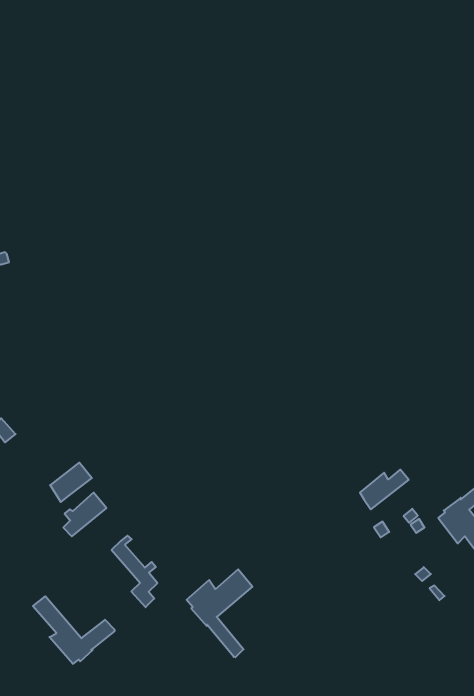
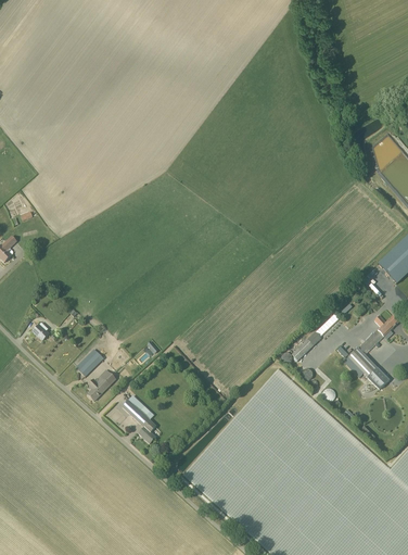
building: [187,569,252,657] -> none
building: [33,596,115,664] -> none

